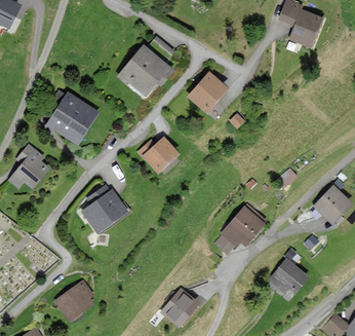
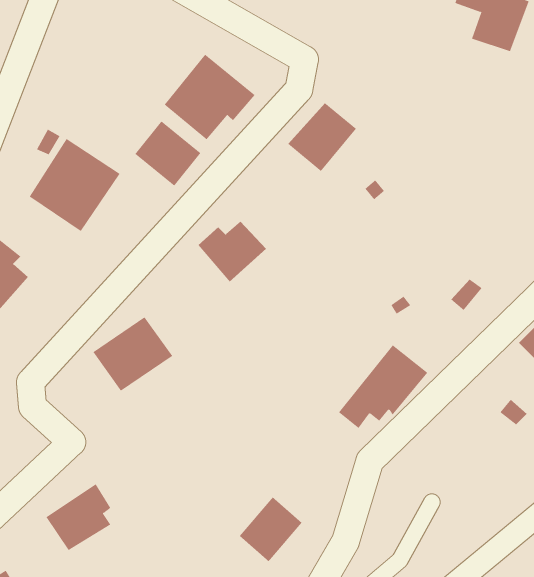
building: none -> [134,121,201,187]
building: [270,260,307,293] -> none

